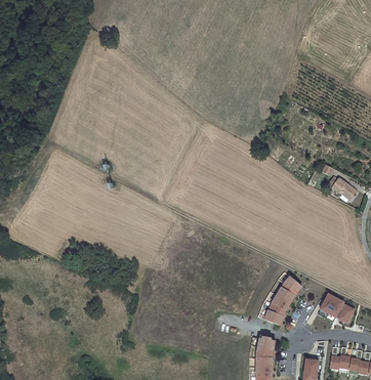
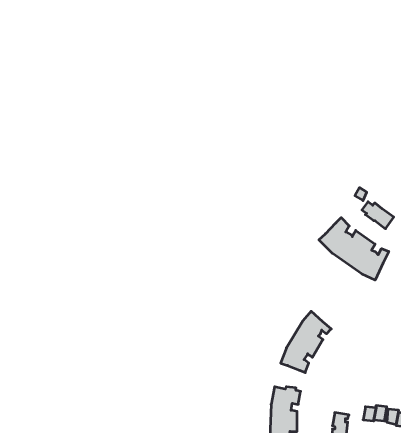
building: none -> [319,218,389,280]
building: [321,294,355,322] -> none

